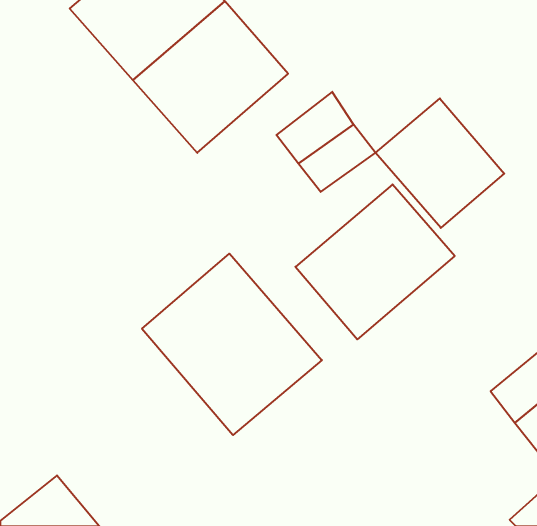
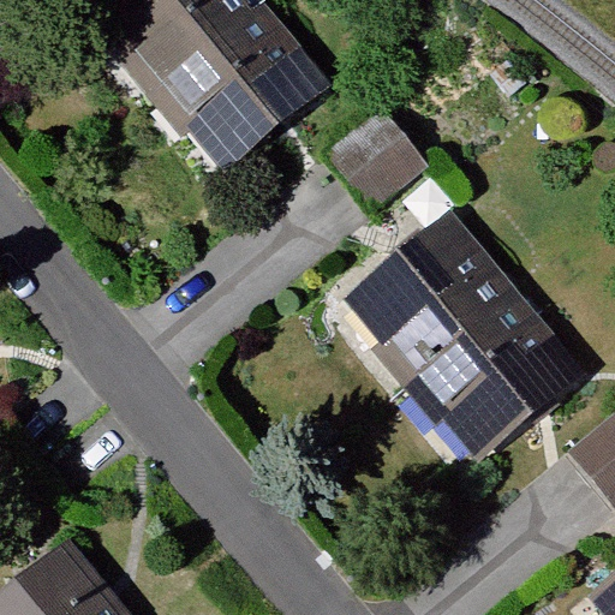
building: [376,98,504,228] -> none
building: [142,254,322,435] -> none
building: none -> [410,292,586,462]

